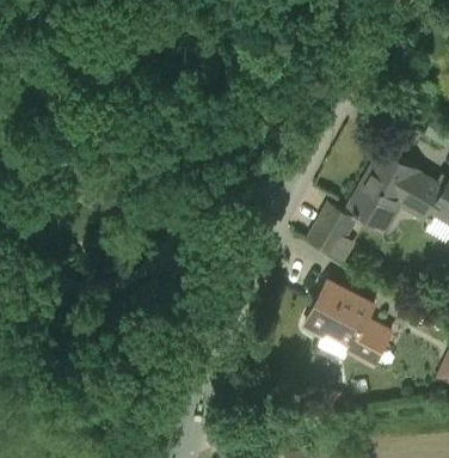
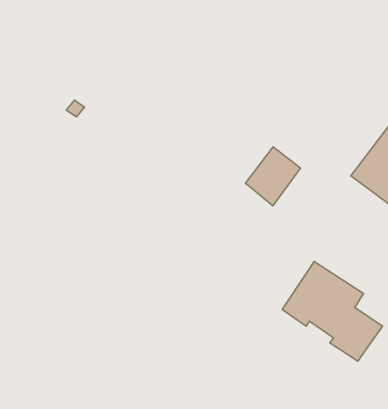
building: [307,203,353,255] -> [245,147,301,206]

